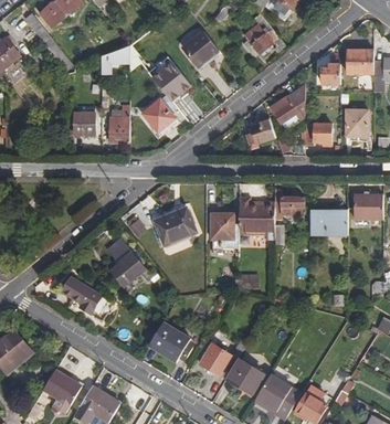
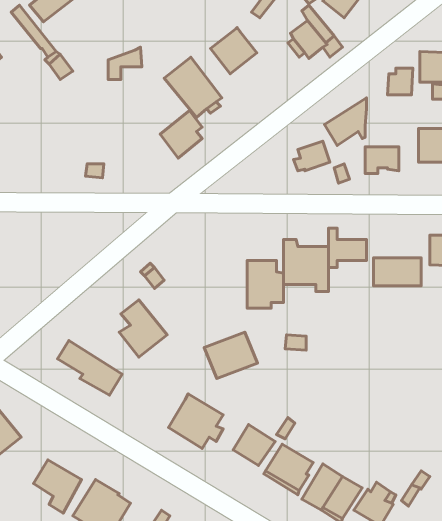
building: [109,108,130,141] -> none
building: [74,112,96,134] -> none
building: [155,208,197,244] -> [204,332,257,378]

